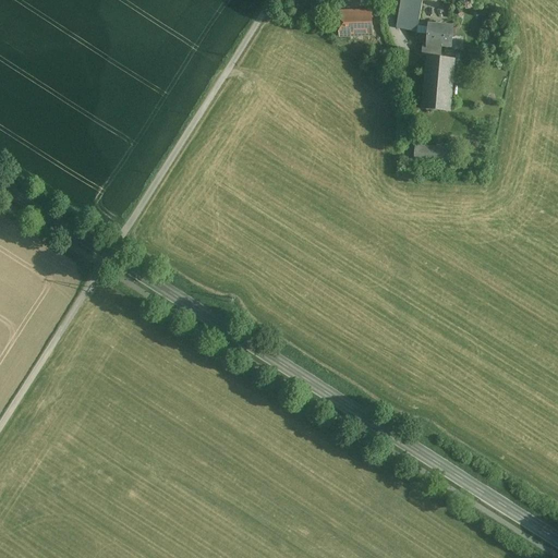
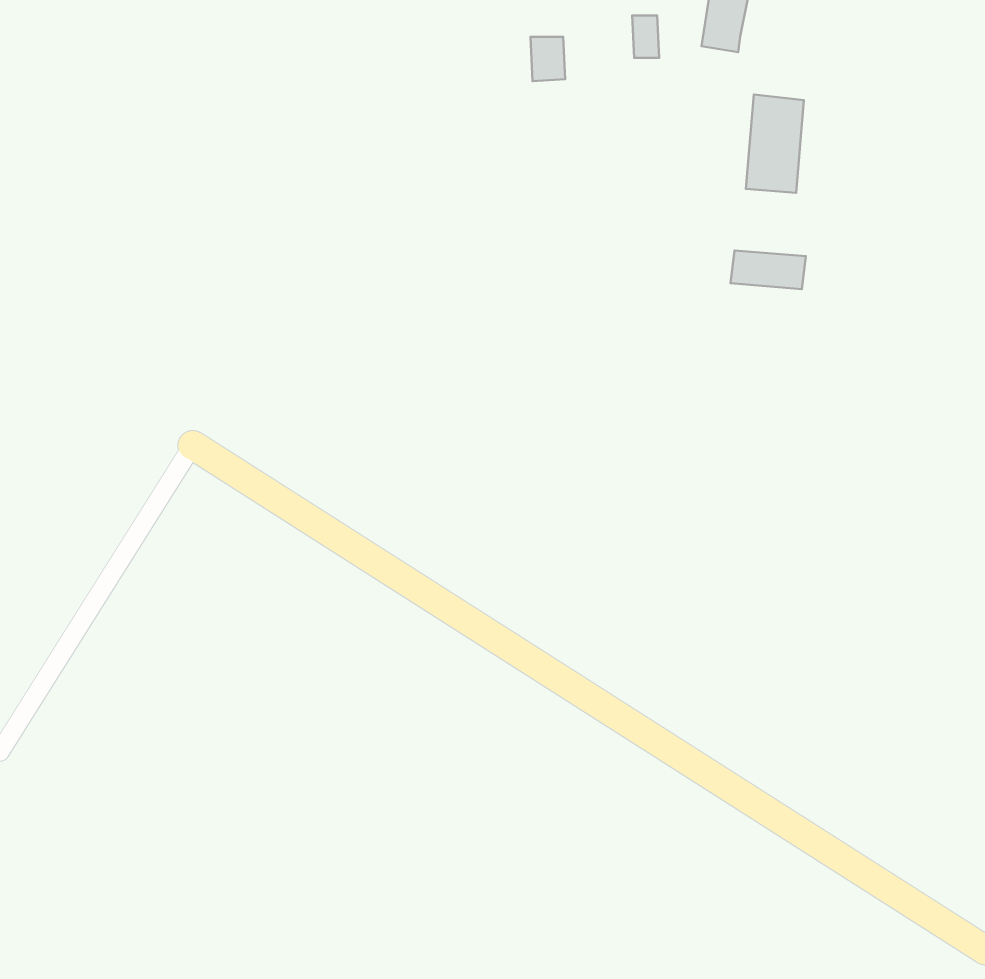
building: [339,9,359,34] -> [530,37,565,81]
building: [417,21,453,53] -> none

